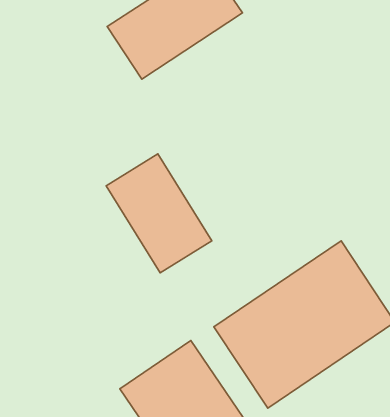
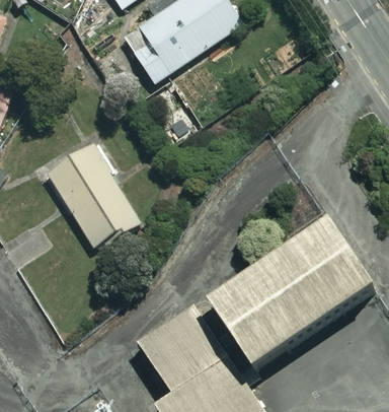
building: [106,154,212,273] -> [45,140,138,246]

